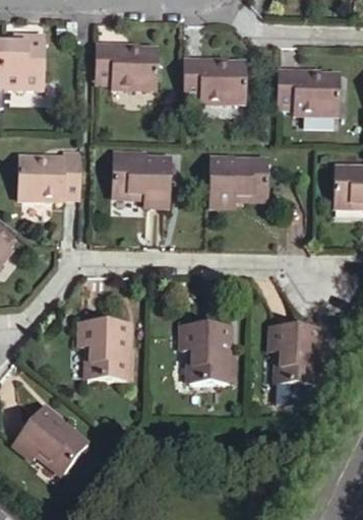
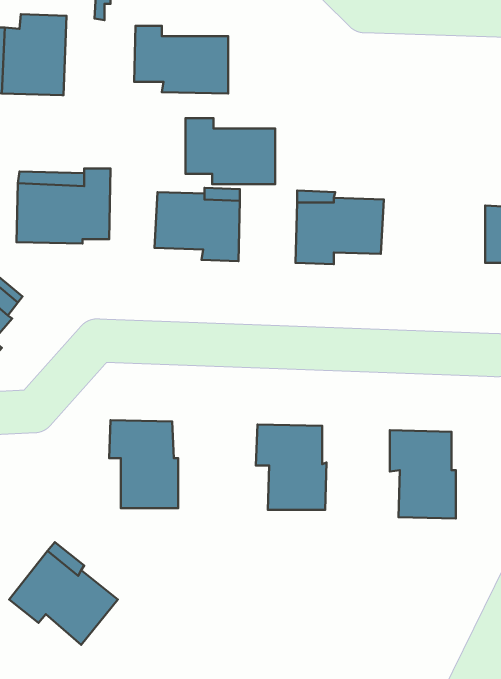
building: [182,63,244,109] -> [186,118,275,184]
building: [277,71,343,120] -> none

